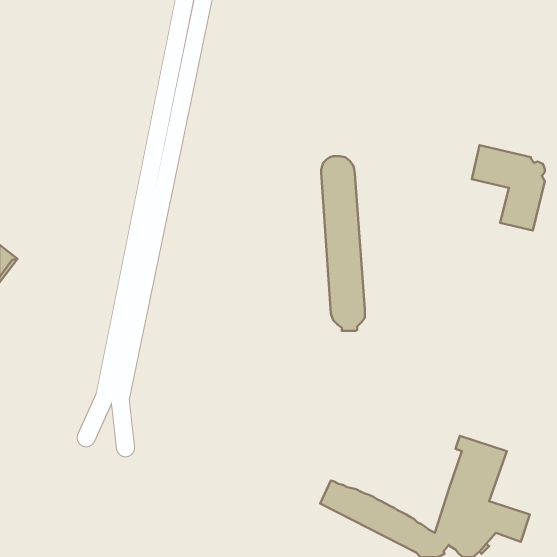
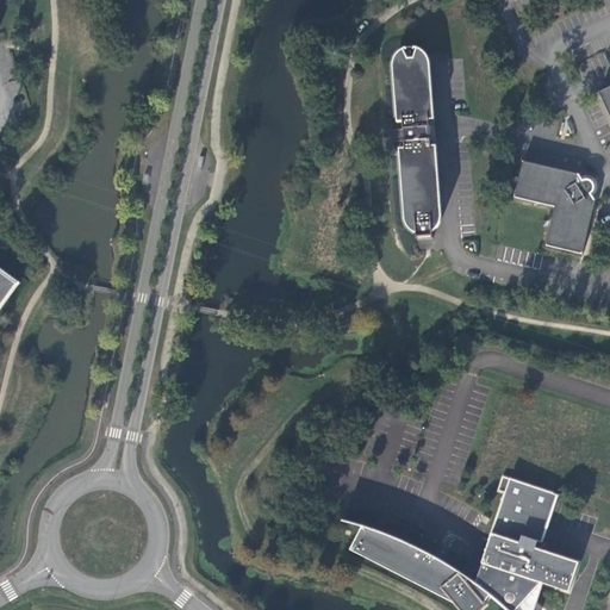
building: [321,156,365,331] -> [393,44,441,235]

